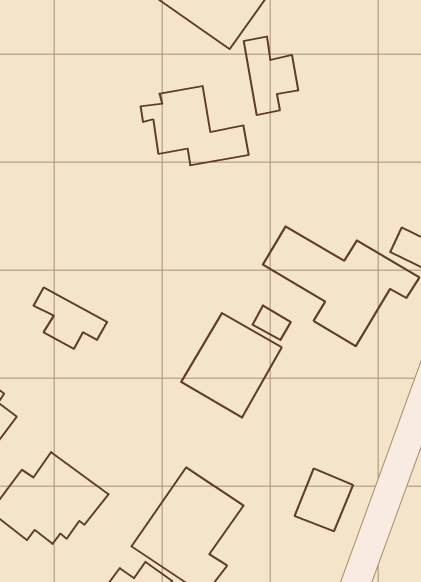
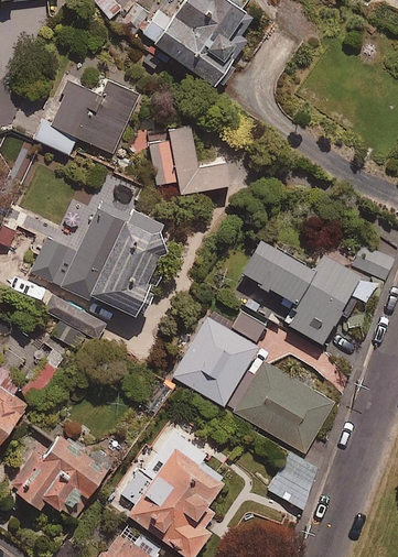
building: [244,36,298,115] -> none
building: none -> [35,79,139,152]
building: none -> [32,199,164,320]
building: none -> [233,359,334,451]

